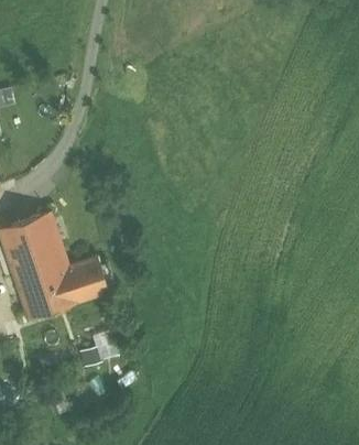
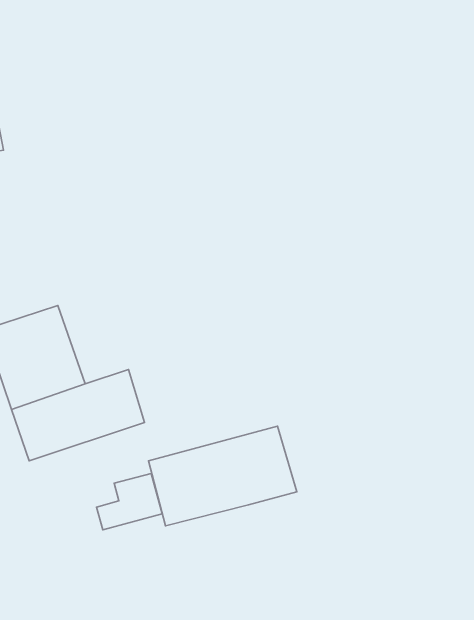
building: none -> [148,426,297,526]

